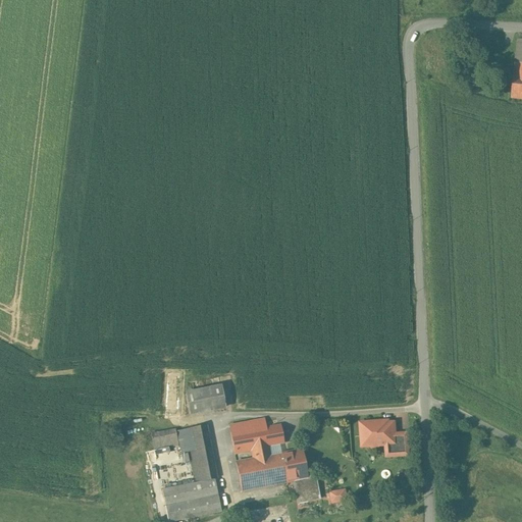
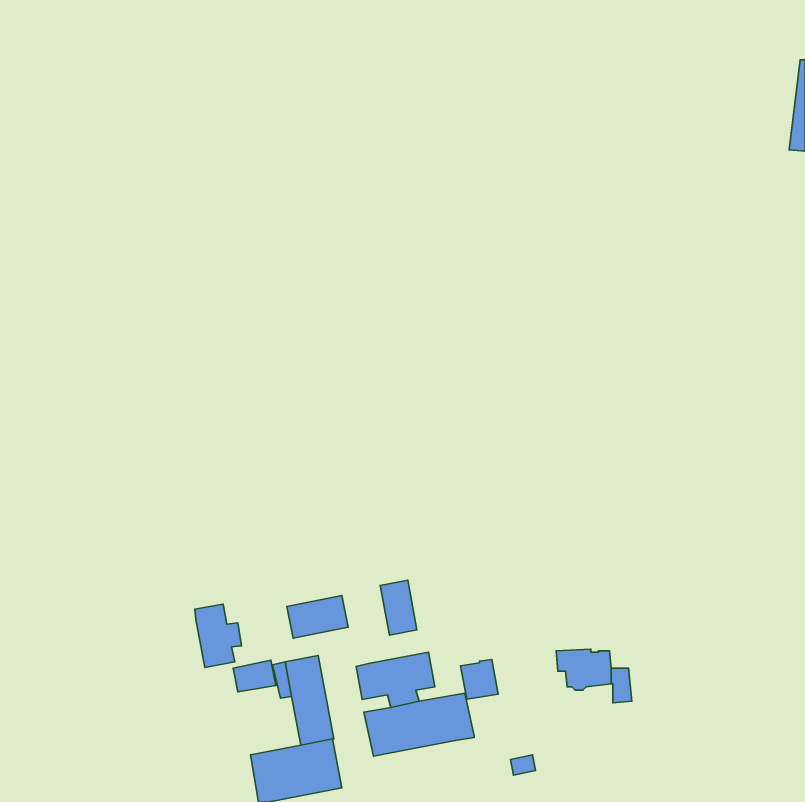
building: none -> [380,580,417,635]
building: none -> [195,604,241,667]
building: [295,475,319,501] -> [460,660,498,699]

